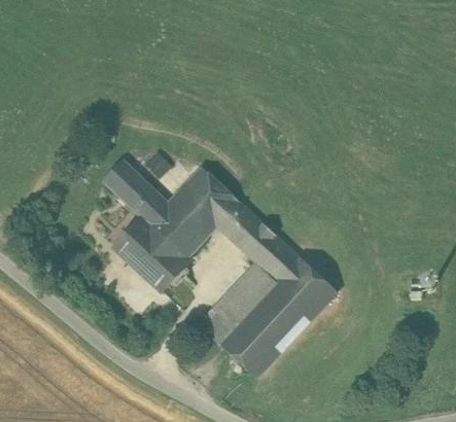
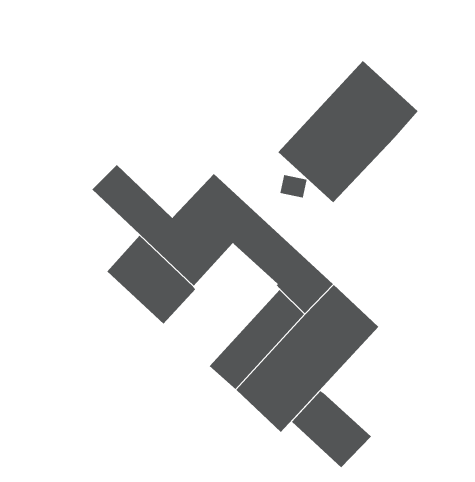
building: none -> [277,60,419,203]
building: none -> [291,390,372,468]

